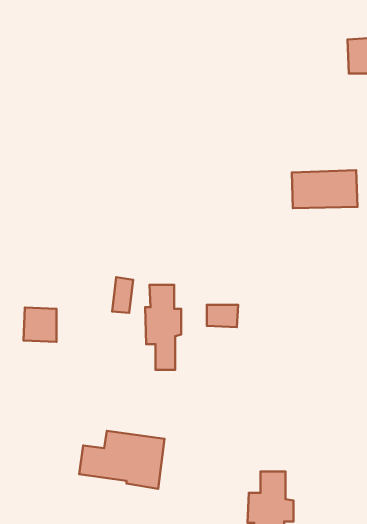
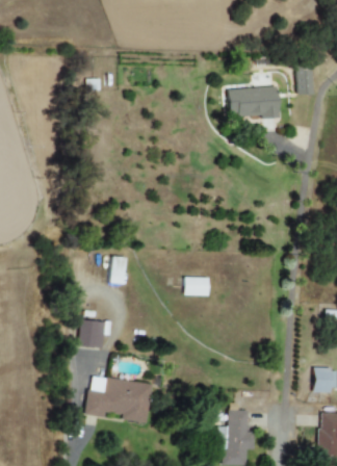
building: [292,170,357,208] -> [229,86,281,116]
building: [145,285,181,370] -> none
building: [24,308,56,342] -> [79,320,105,347]

